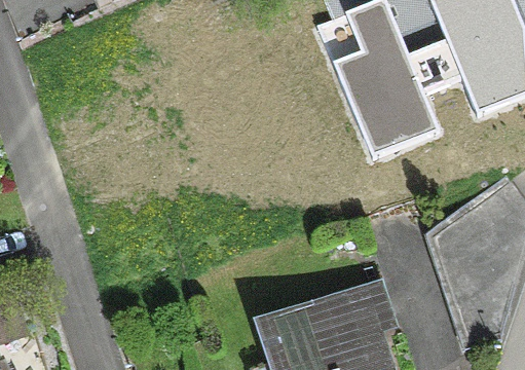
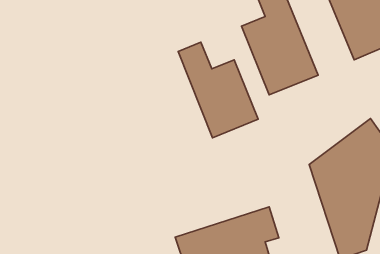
building: none -> [178,42,258,138]

